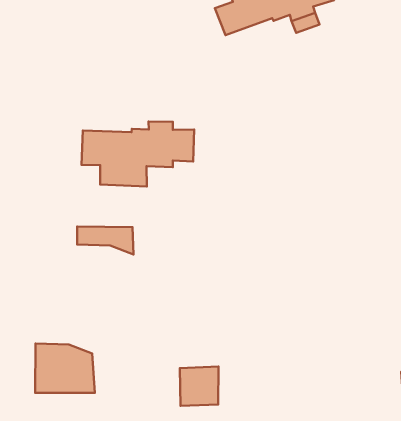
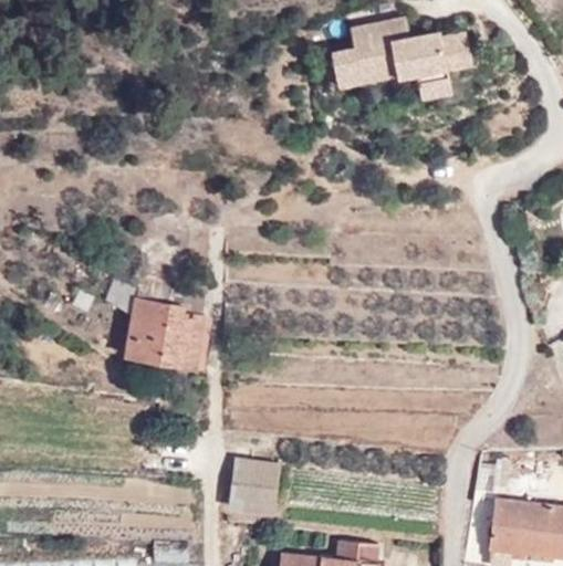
building: [81,122,194,186] -> none
building: [35,344,95,393] -> [125,305,198,373]

